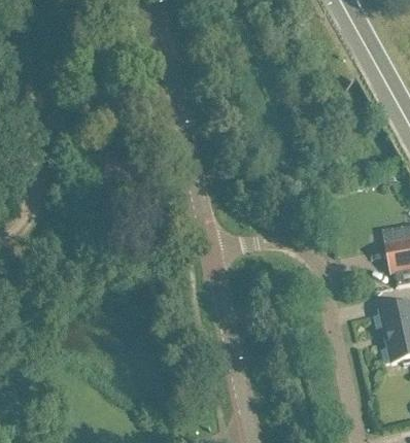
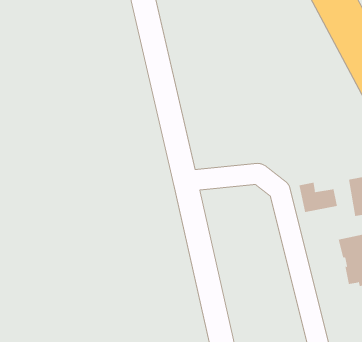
building: none -> [299,182,337,213]

